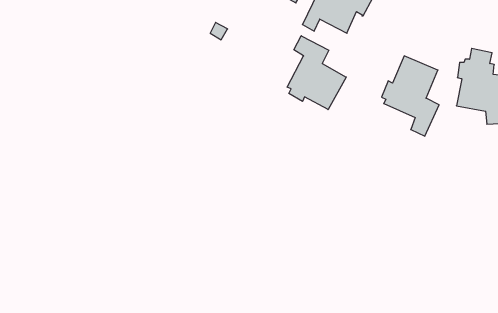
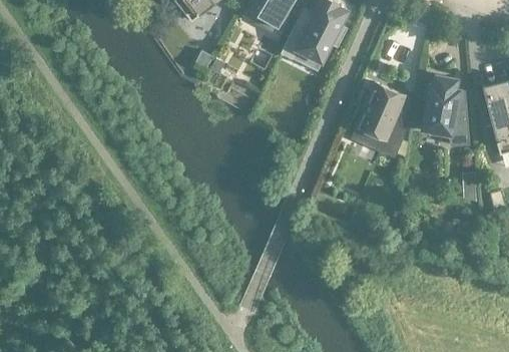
building: [287,36,346,110] -> none

